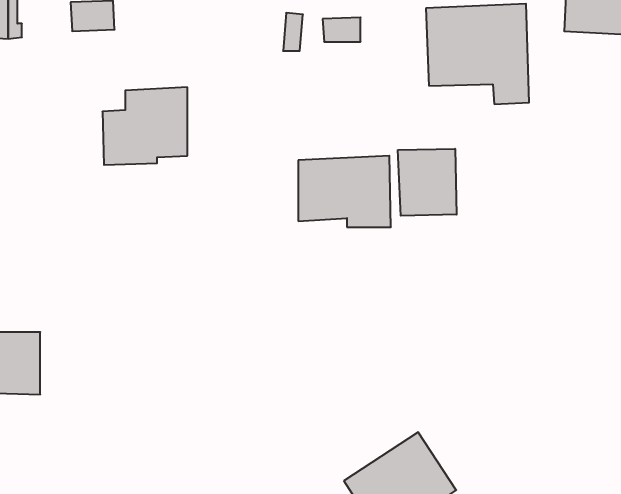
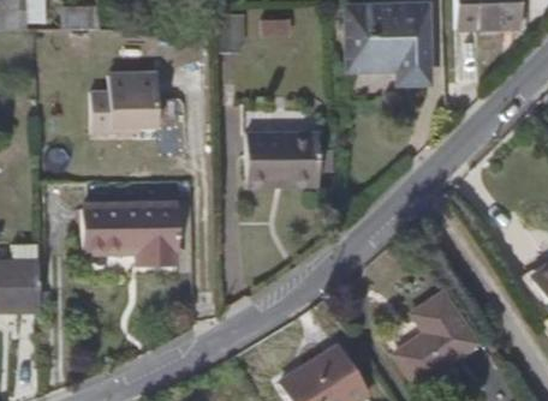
building: [398,149,457,216] -> none
building: none -> [84,200,180,263]
building: none -> [394,292,477,383]

